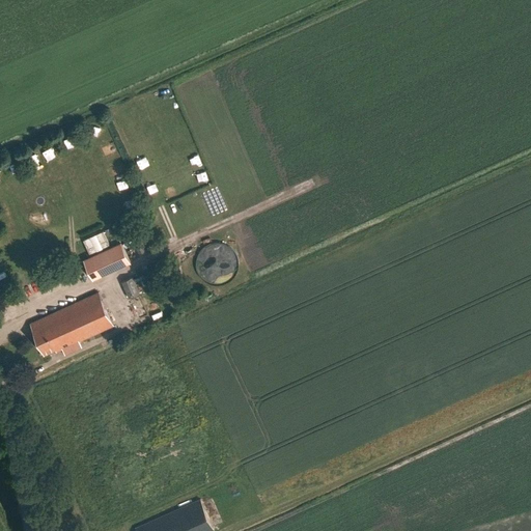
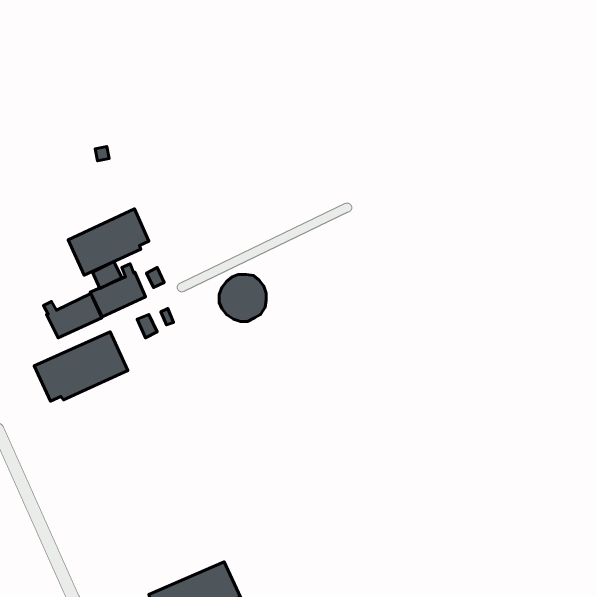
building: none -> [68,209,149,275]
building: none -> [44,293,102,338]

